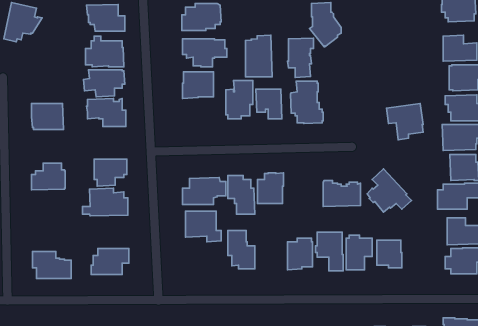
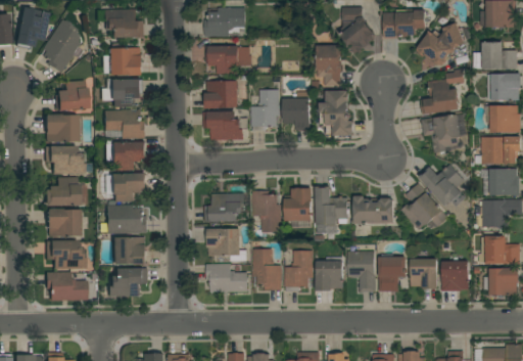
building: none -> [382,10,425,39]
building: none -> [41,19,80,73]
building: none -> [415,24,464,65]
building: [245,35,272,77] -> none
building: none -> [420,70,464,116]
building: none -> [53,81,88,110]
building: none -> [202,111,243,140]
building: none -> [110,142,145,171]
building: none -> [44,146,84,175]
building: none -> [419,165,464,207]
building: none -> [315,187,348,232]
building: none -> [46,209,79,237]
building: none -> [111,237,145,265]
building: none -> [44,241,85,269]
building: none -> [284,252,313,291]
building: none -> [441,262,468,291]
building: none -> [205,264,247,292]

